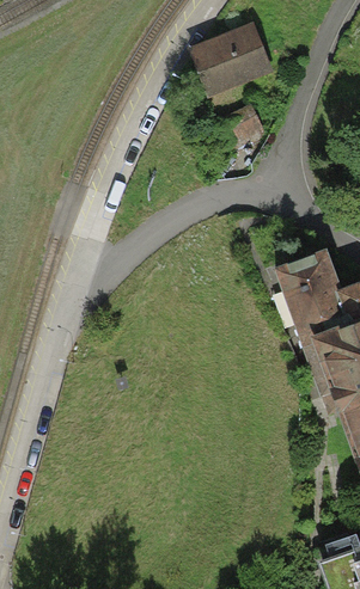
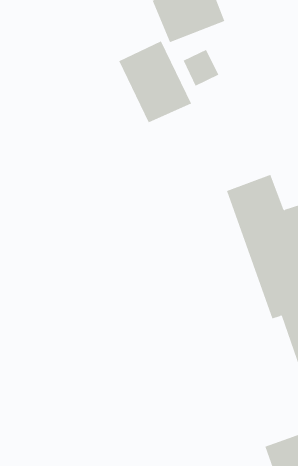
building: none -> [119,41,192,123]

